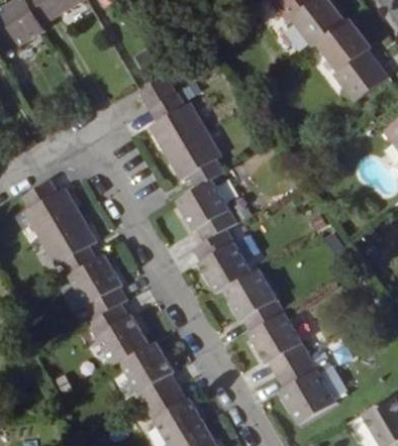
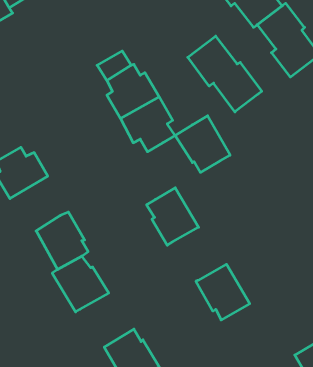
building: none -> [188,36,262,112]
building: [175,178,236,241] -> [175,116,230,172]
building: [39,215,97,276] -> none
building: [222,269,283,332] -> none
building: [118,342,179,407] -> none
building: [277,358,336,425] -> none

